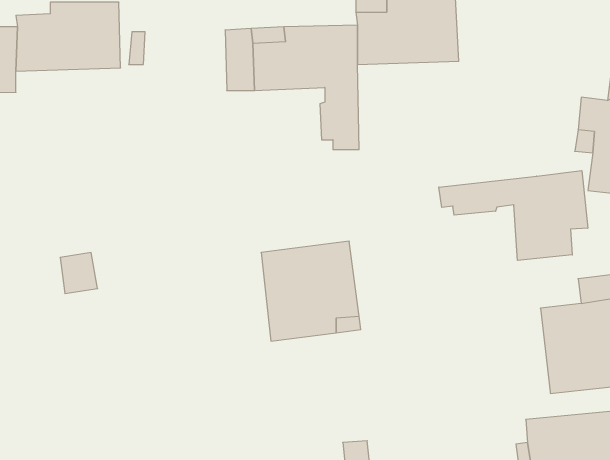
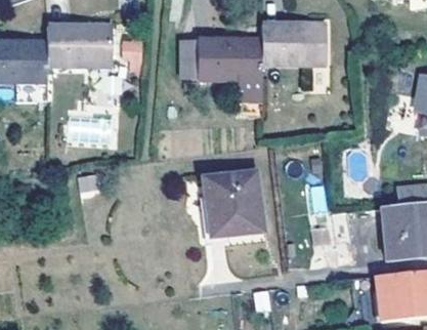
building: [439,171,588,260] -> none

